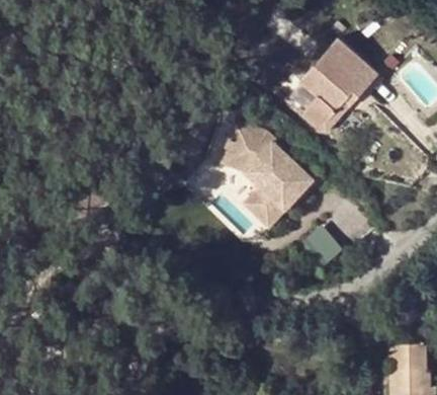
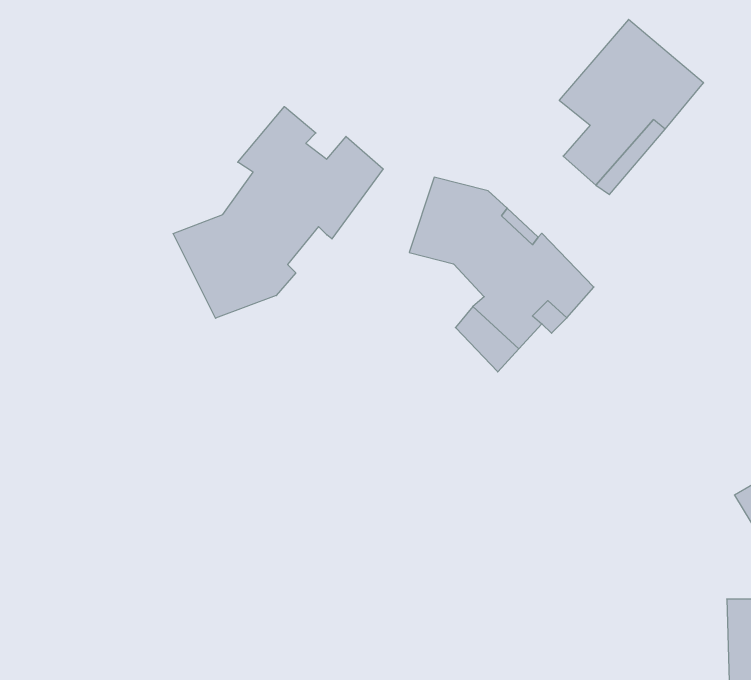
building: none -> [173,107,383,318]
building: [305,226,345,267] -> none

